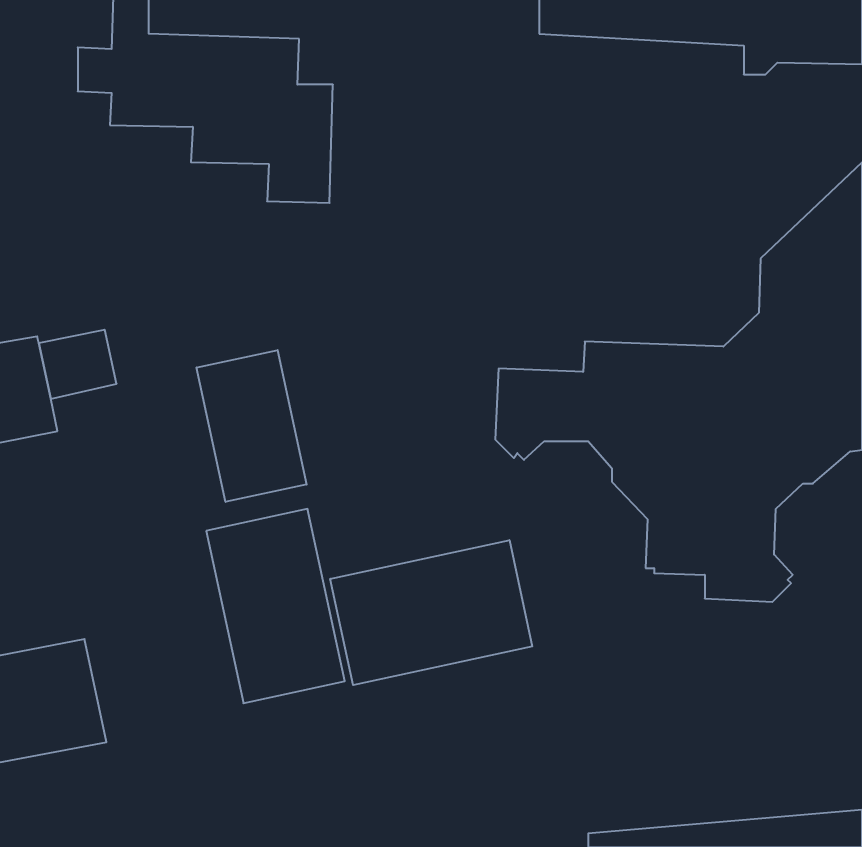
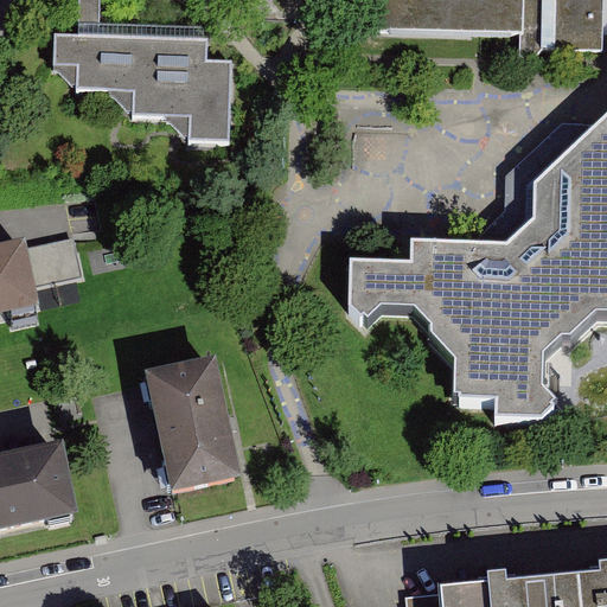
building: [197,350,307,502] -> none
building: [330,540,532,685] -> none

